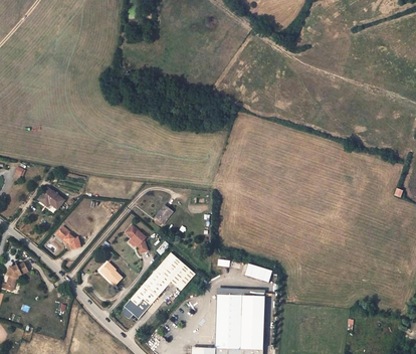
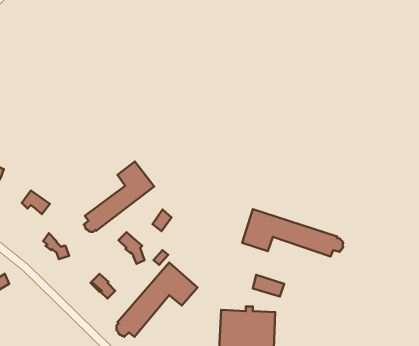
building: none -> [84,162,154,232]
building: none -> [242,209,343,256]

